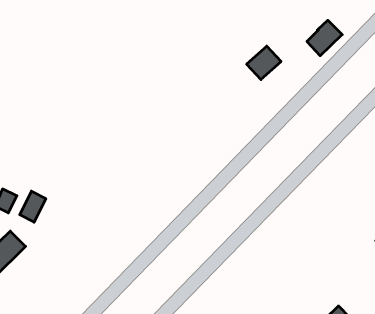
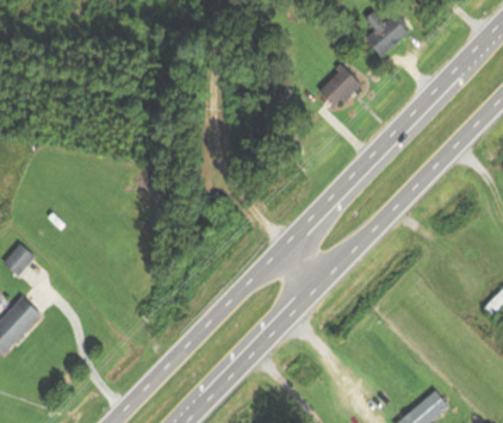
building: [307,20,342,56] -> [364,14,408,58]
building: [20,191,46,222] -> none

